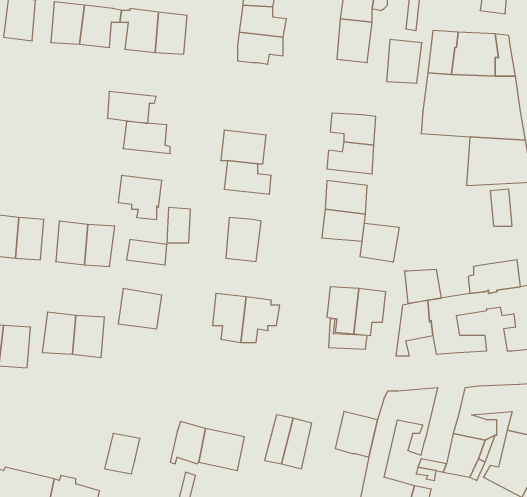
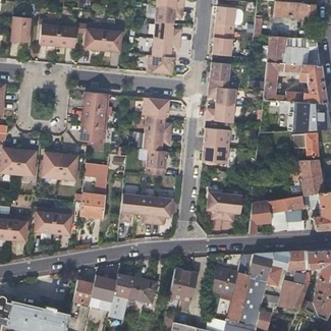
building: [387,39,422,83] -> [210,61,231,88]
building: none -> [147,55,174,74]
building: [107,91,156,123] -> [82,108,112,127]
building: none -> [143,132,172,151]
building: [360,223,399,262] -> none
building: [404,269,441,303] -> [299,158,322,178]
building: none -> [120,195,140,222]
building: none -> [267,253,290,285]
building: none -> [91,275,116,301]

